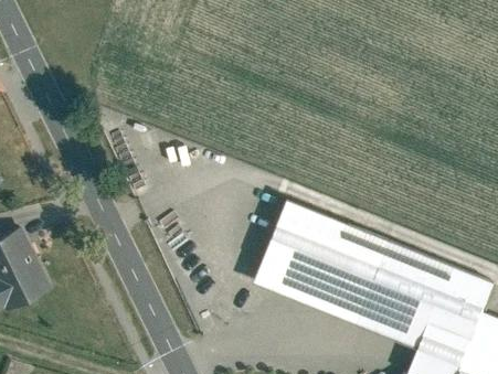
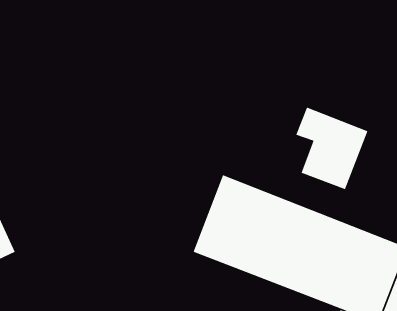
building: none -> [295,106,369,190]

